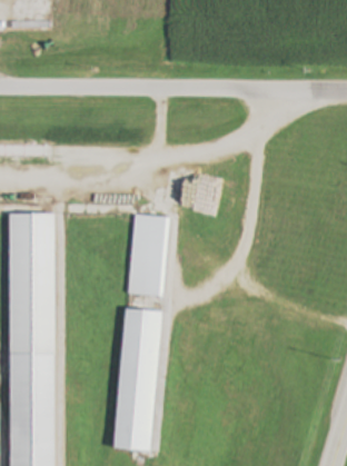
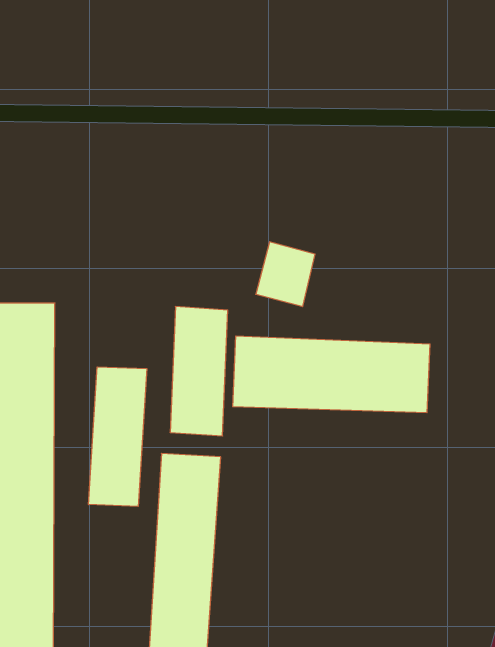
building: none -> [233,336,430,413]
building: none -> [89,367,147,506]

